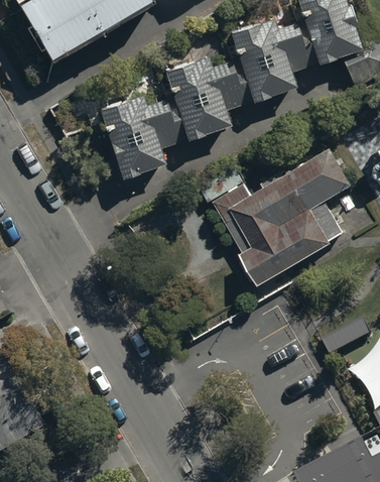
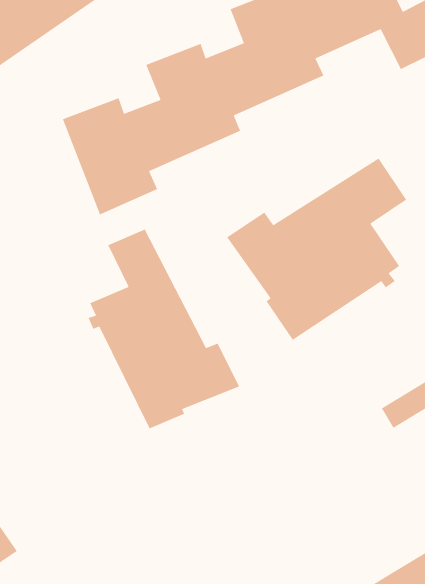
building: none -> [87,228,240,429]

